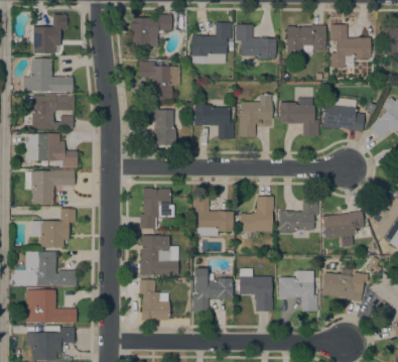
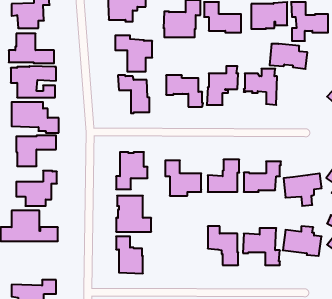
building: [323,104,365,131] -> [270,44,307,69]
building: [191,268,233,311] -> none
building: [26,289,77,322] -> none

